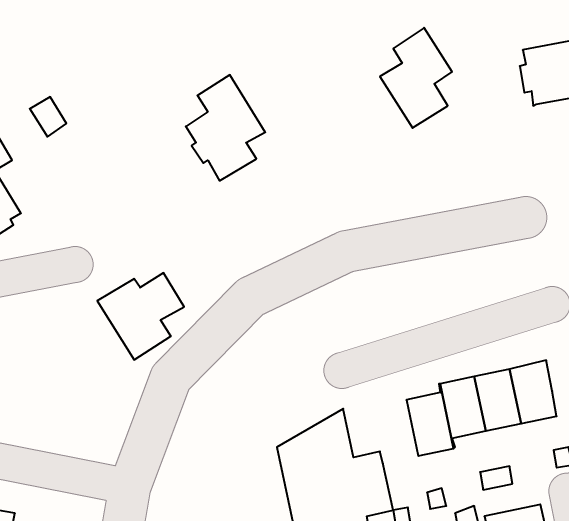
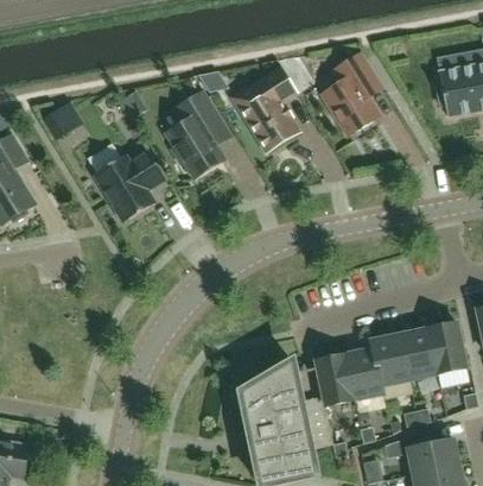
building: none -> [233,68,297,151]
building: [97,273,184,360] -> [94,151,164,221]
building: none -> [316,354,354,405]

